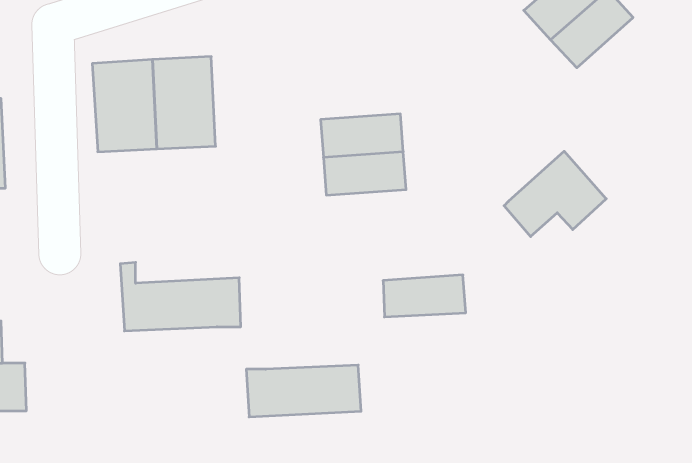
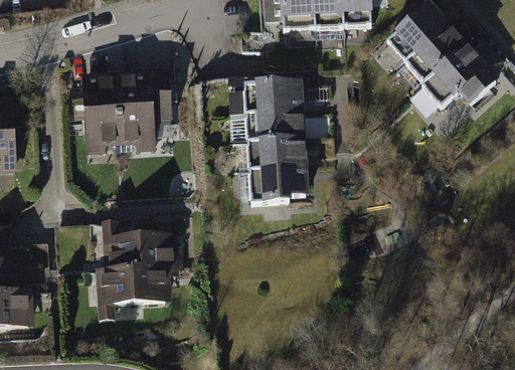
building: none -> [240,87,300,119]
building: [504,151,606,237] -> [423,45,497,107]
building: [383,275,466,317] -> [246,169,306,199]
building: [246,365,361,417] -> [88,267,170,305]

